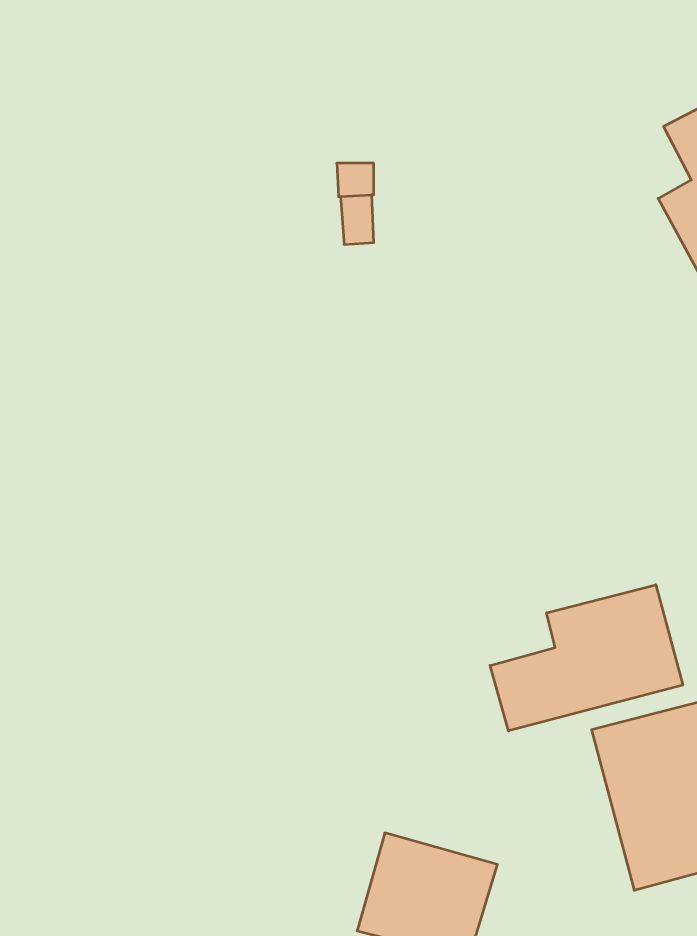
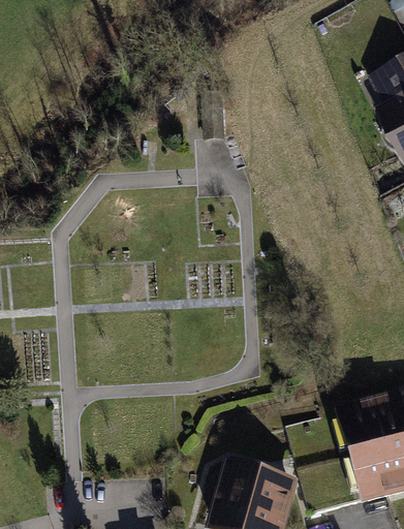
building: [490,585,683,731] -> none

